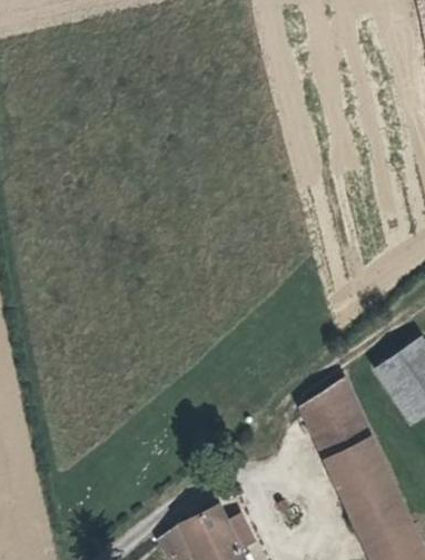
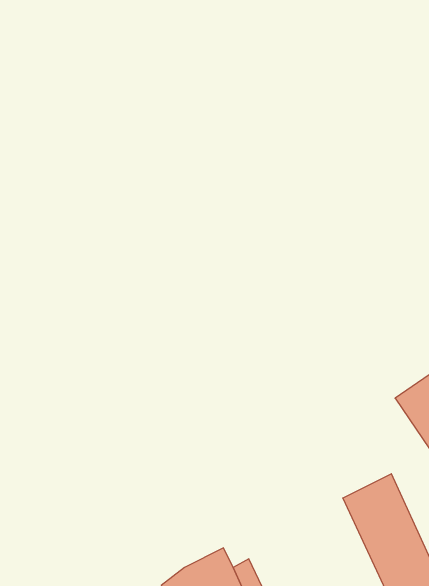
building: [303,379,370,460] -> none

